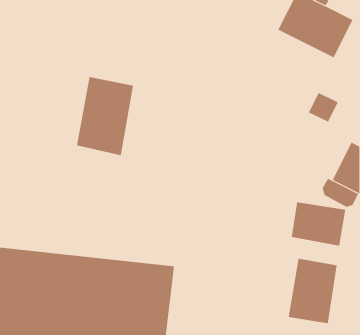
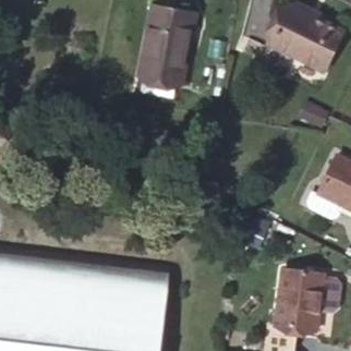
building: [76,77,134,156] -> [146,20,202,96]
building: [291,201,346,246] -> none

